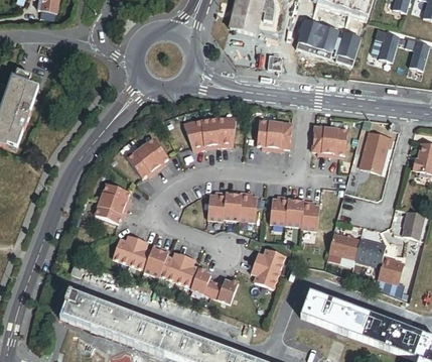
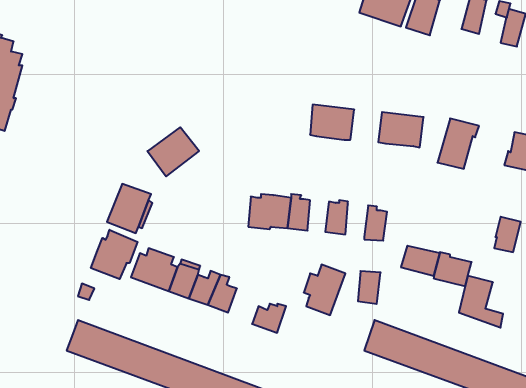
building: [183,116,235,149] -> none
building: [285,200,303,226] -> [358,271,381,304]
building: none -> [91,230,138,279]
building: [191,267,215,295] -> none

